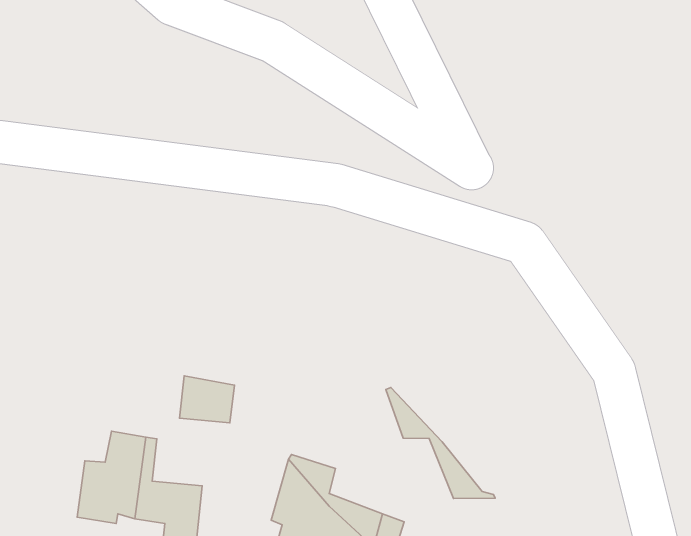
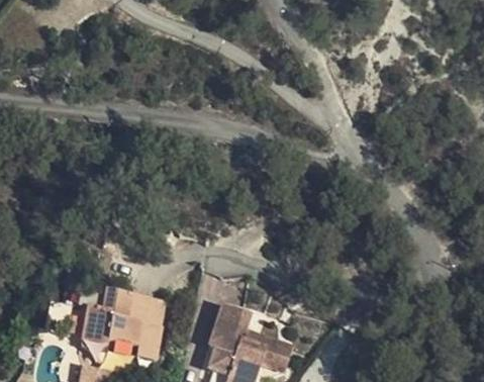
building: [180,376,234,423] -> [130,294,166,324]
building: [386,388,495,498] -> none

